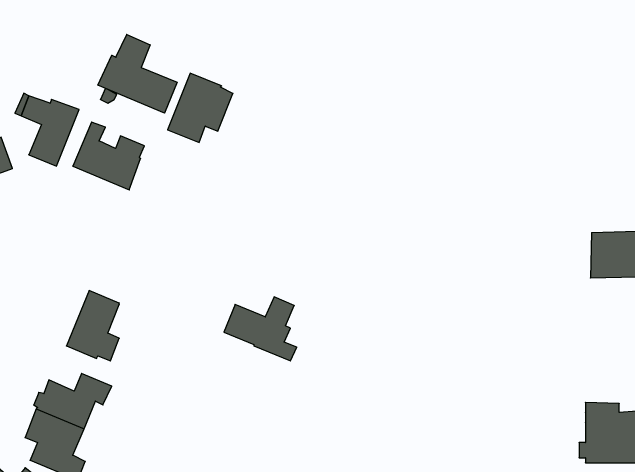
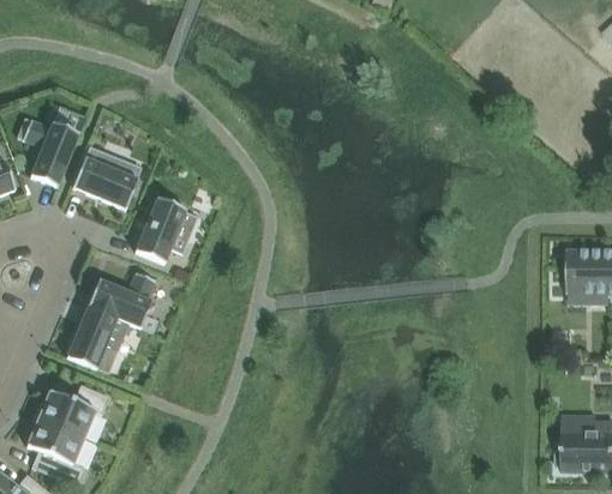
building: [98,34,177,113] -> none
building: [168,73,233,142] -> [136,197,198,263]
building: [224,297,297,361] -> [89,271,158,332]

